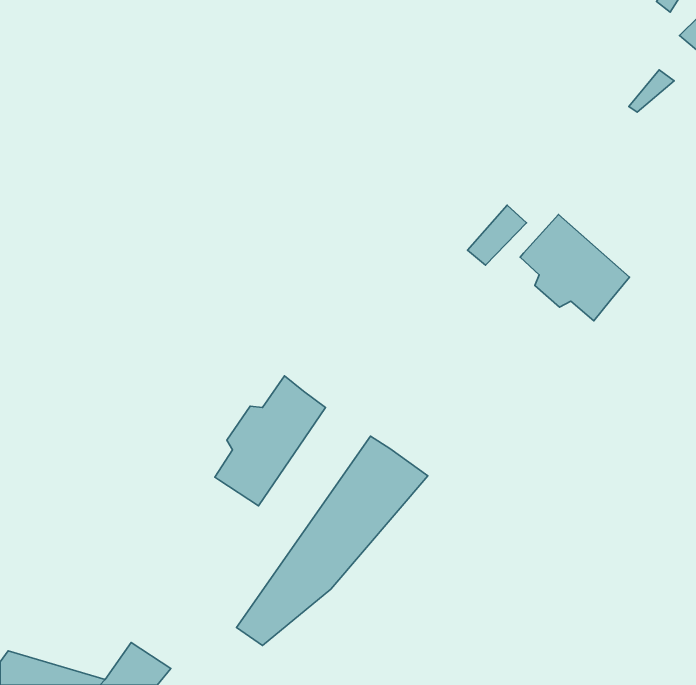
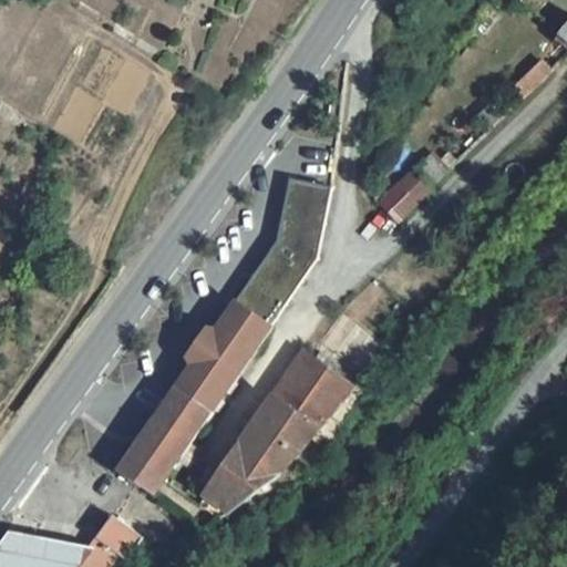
building: [520,215,629,321] -> none
building: none -> [233,178,329,330]
building: none -> [117,389,212,496]

